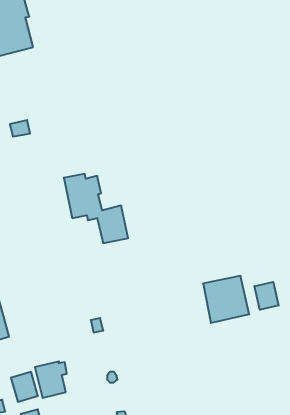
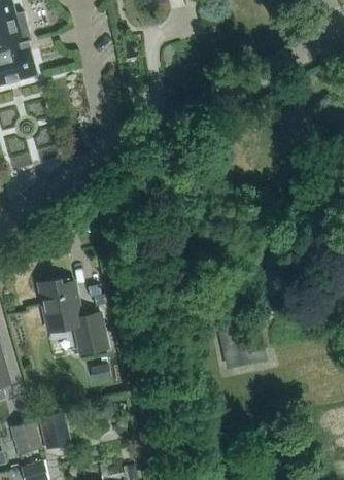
building: [64,174,128,243] -> [38,279,107,353]
building: [254,282,279,310] -> none

